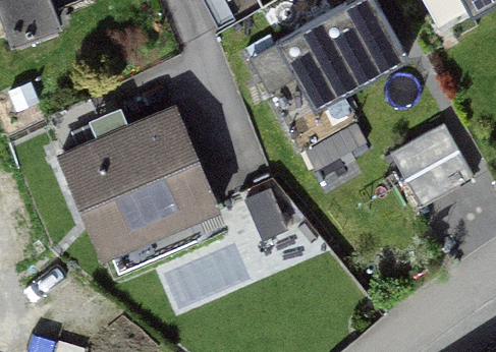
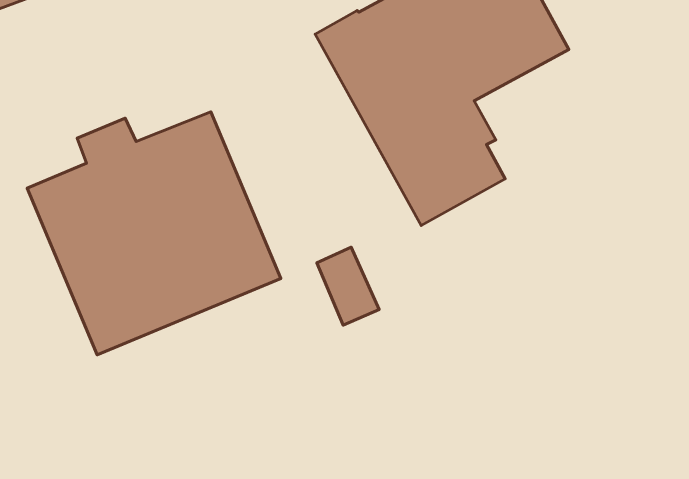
building: [393,127,476,212] -> none

